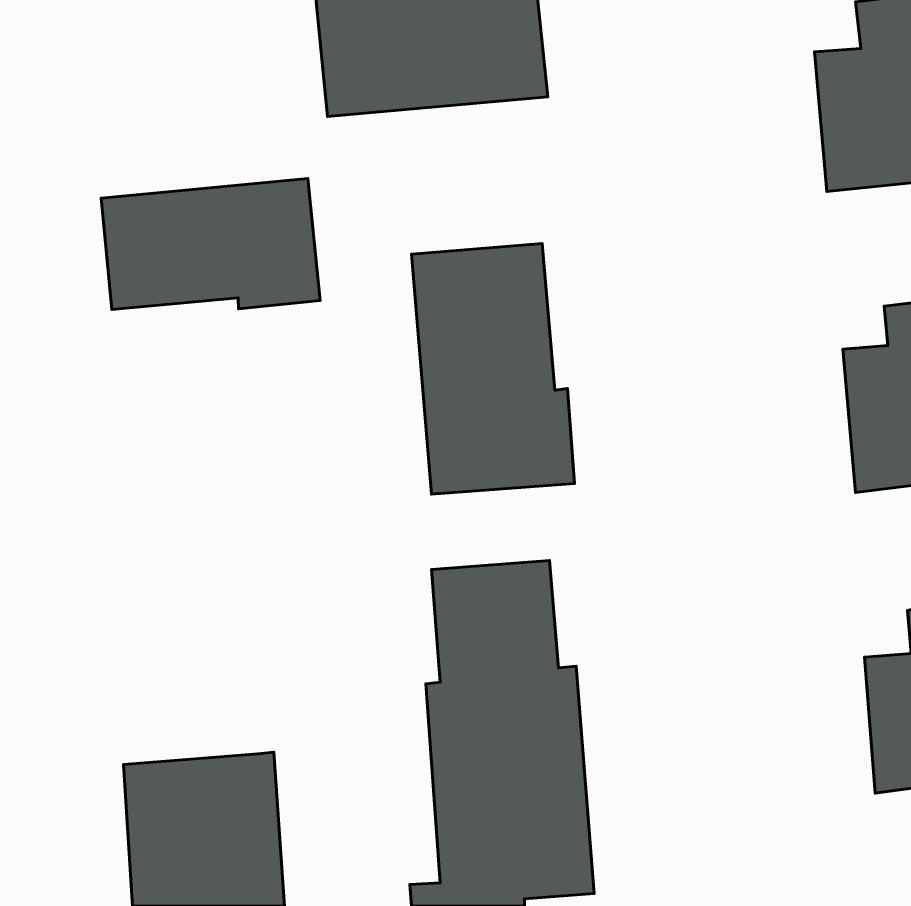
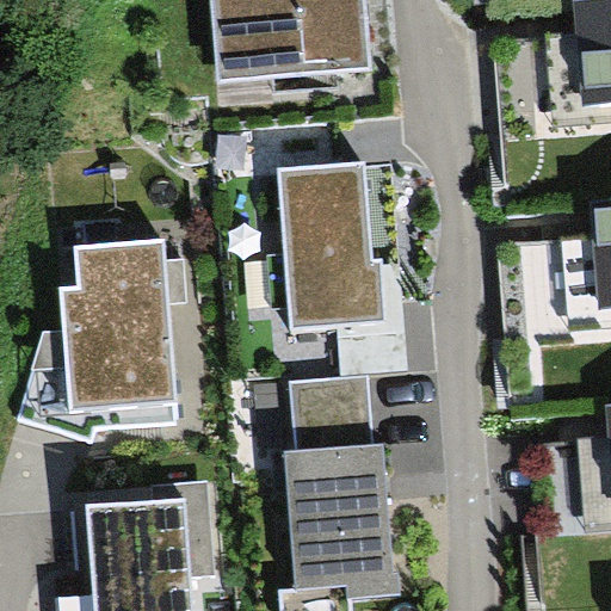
building: [101,179,320,309] -> none
building: none -> [25,240,179,436]

